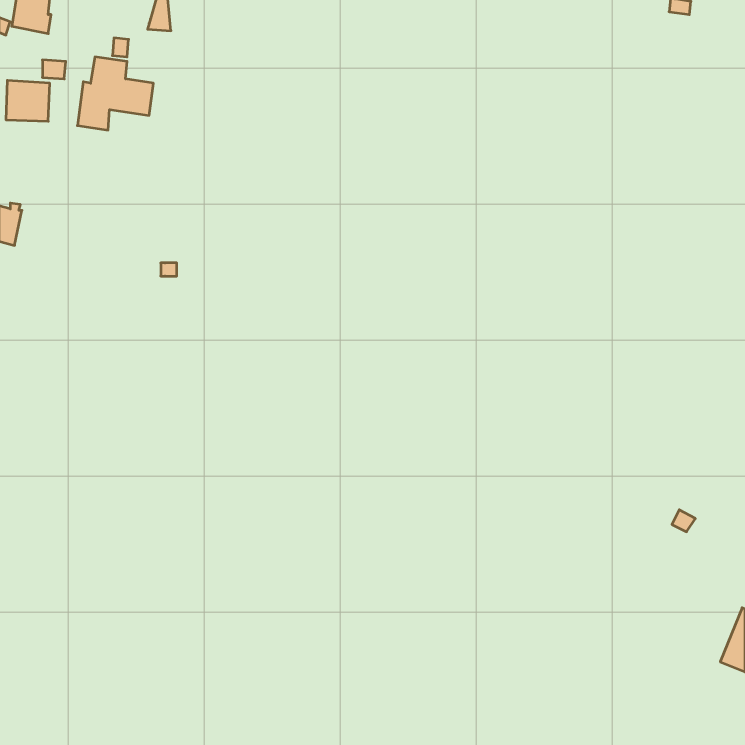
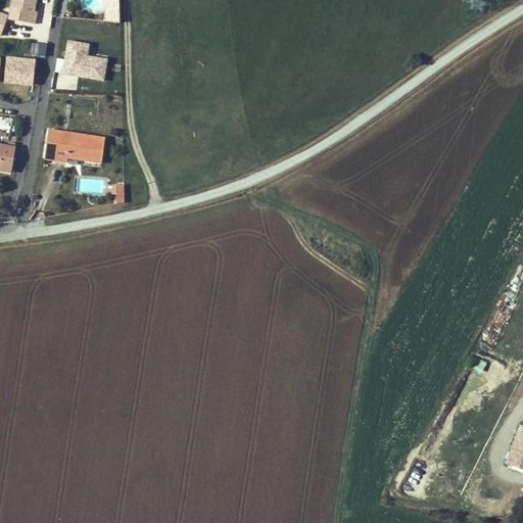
building: none -> [44,129,105,162]

